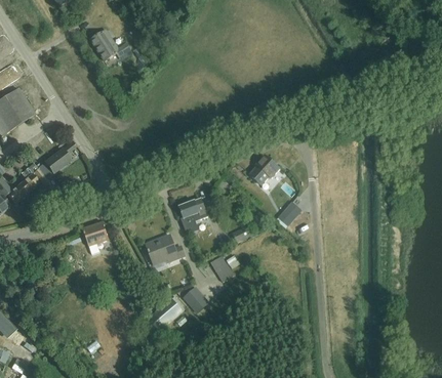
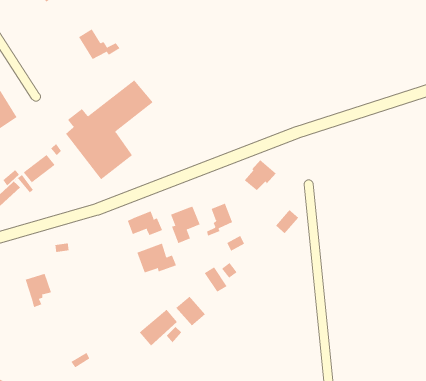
building: none -> [65,80,153,180]
building: none -> [207,203,233,236]
building: none -> [127,211,163,236]
building: [83,221,109,254] -> [25,273,52,308]

